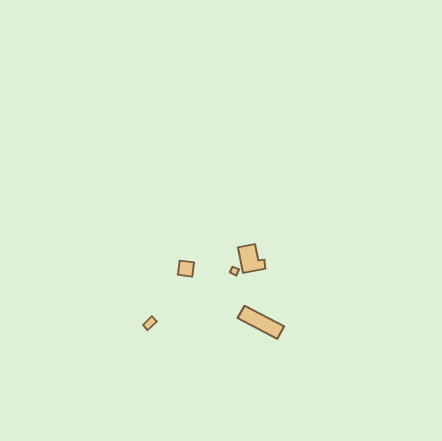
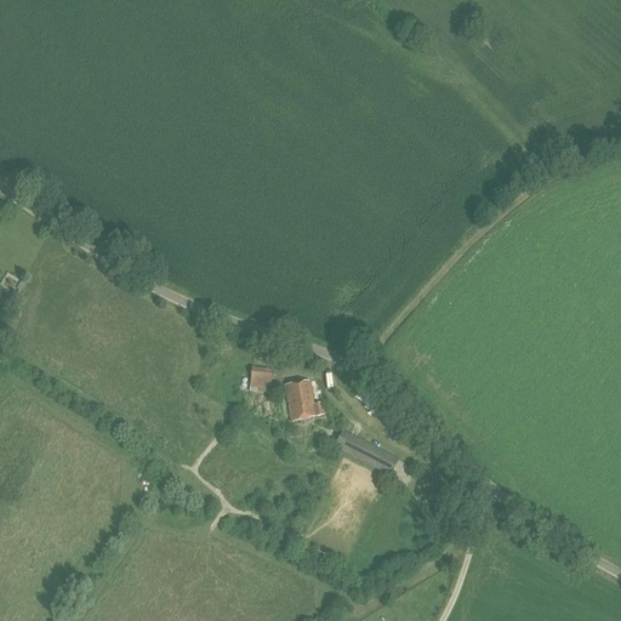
building: [238,244,266,273] -> [284,380,323,420]

